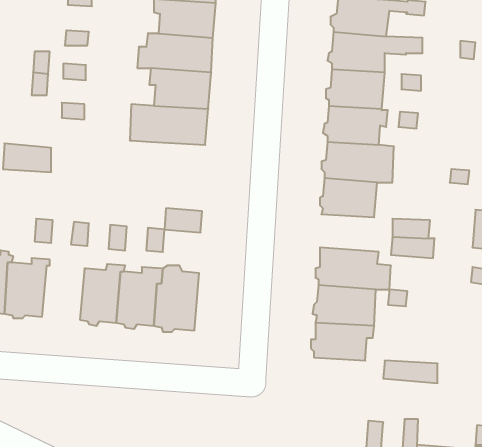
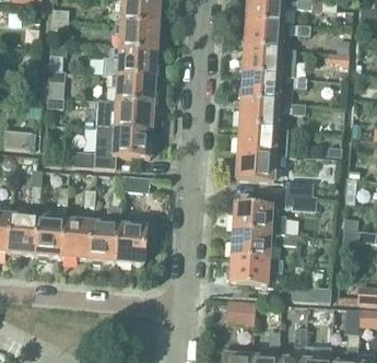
building: none -> [72,126,154,168]
building: none -> [33,213,64,258]
building: none -> [225,301,256,324]

